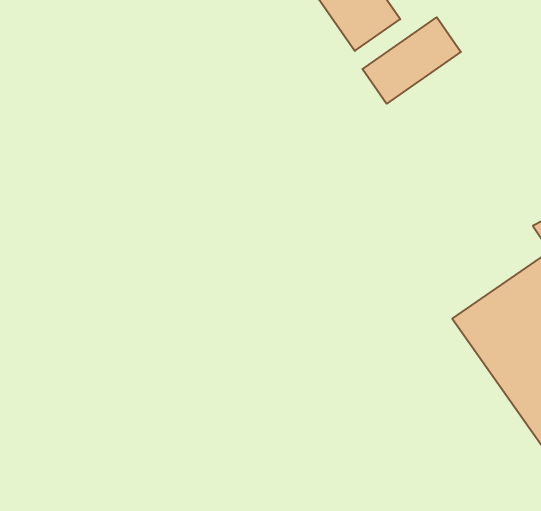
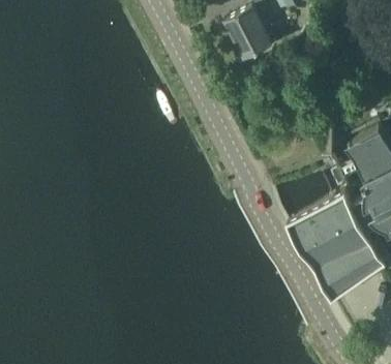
building: [362,17,461,104] -> none

